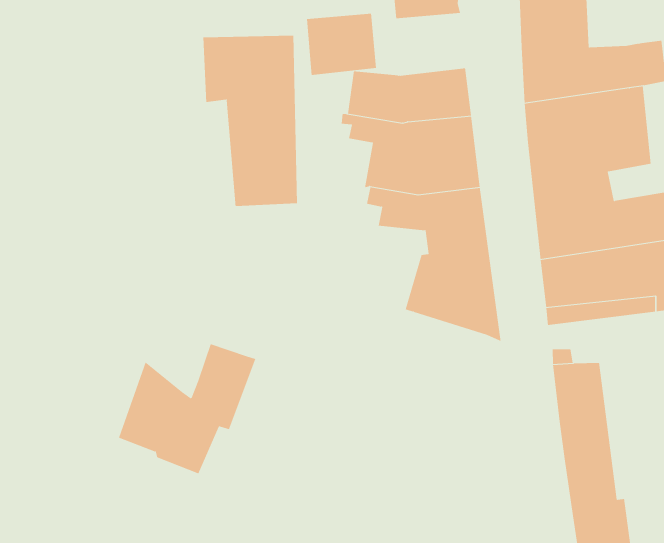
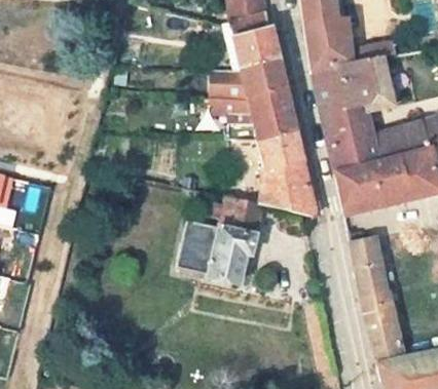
building: [306,13,377,75] -> [234,31,279,71]
building: [203,35,298,207] -> none
building: [118,344,256,474] -> [186,202,262,279]

